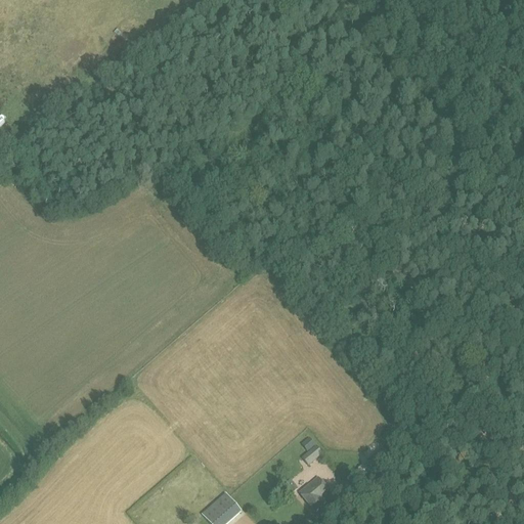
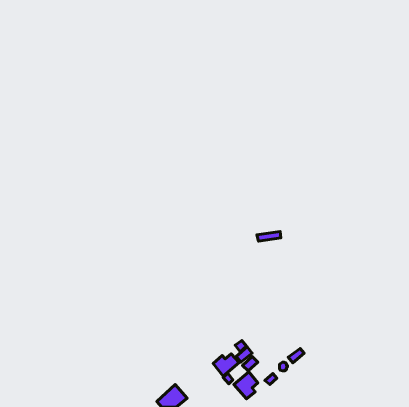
building: none -> [213,354,239,376]

